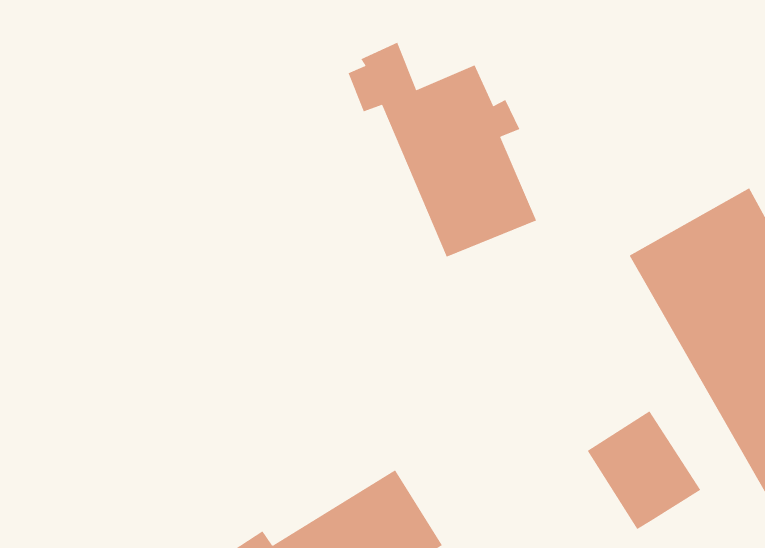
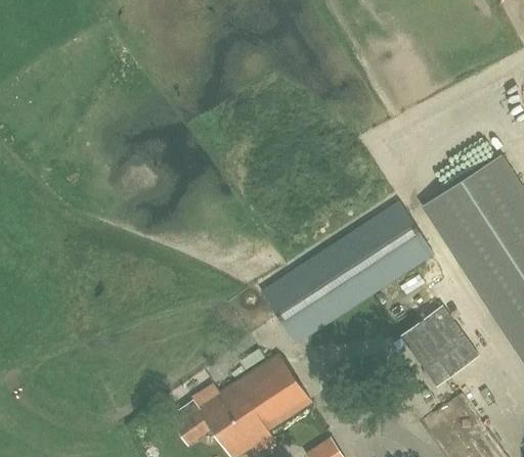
building: [348,42,537,258] -> none
building: none -> [263,202,432,342]

